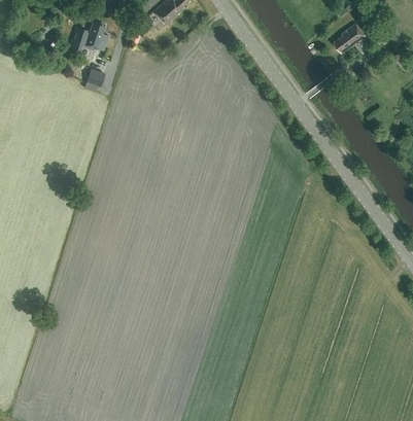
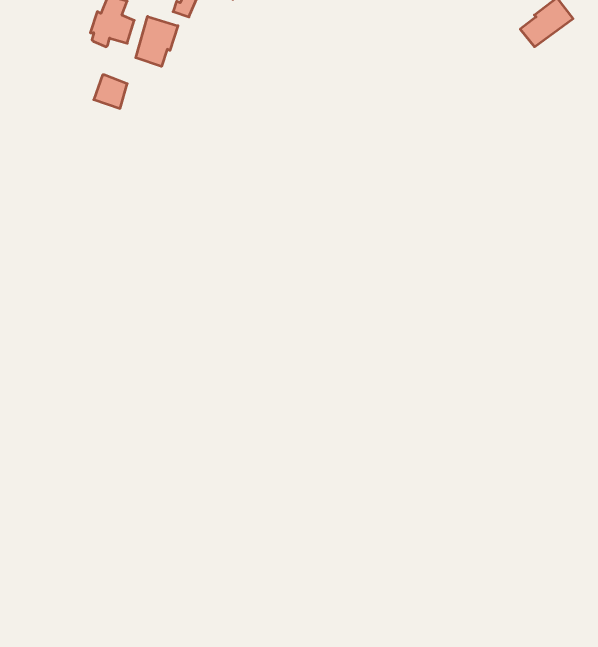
building: none -> [136,16,178,66]

